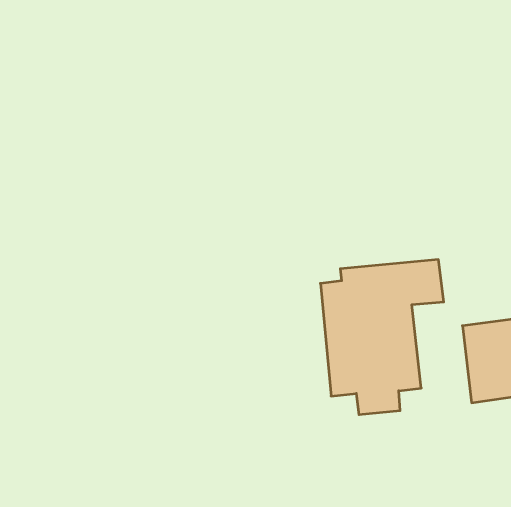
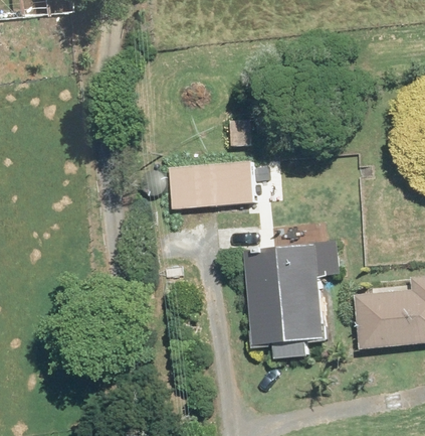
building: none -> [169,160,253,208]

